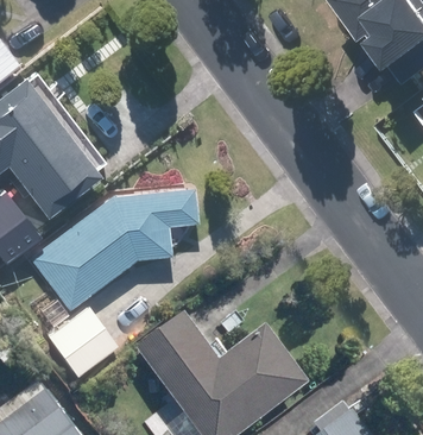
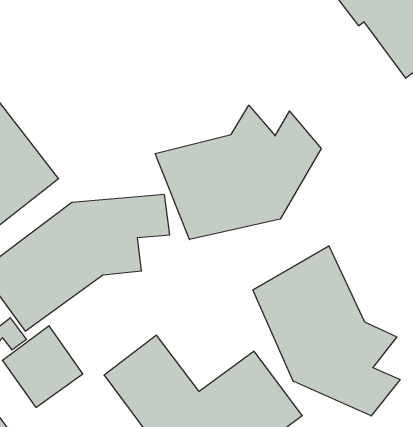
building: none -> [155,105,321,240]
building: none -> [253,246,400,416]

